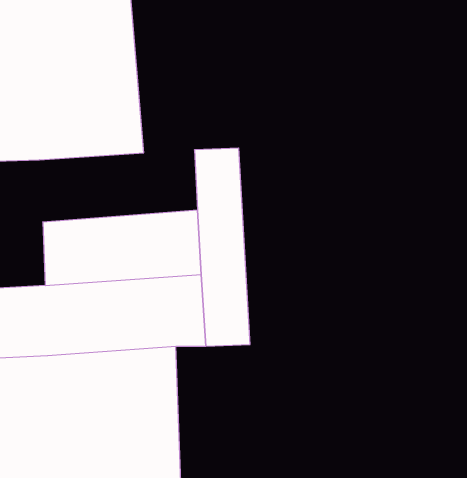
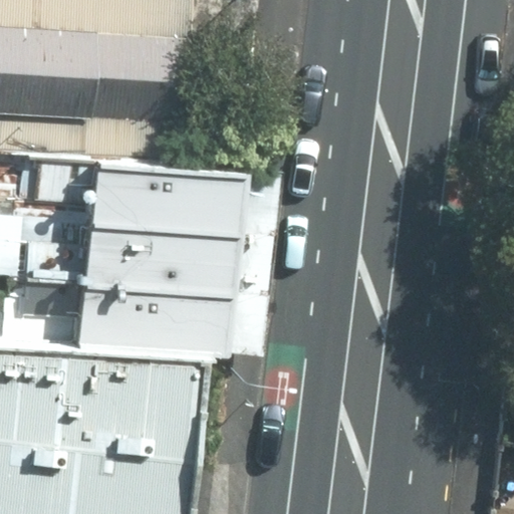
building: none -> [78,157,231,225]

